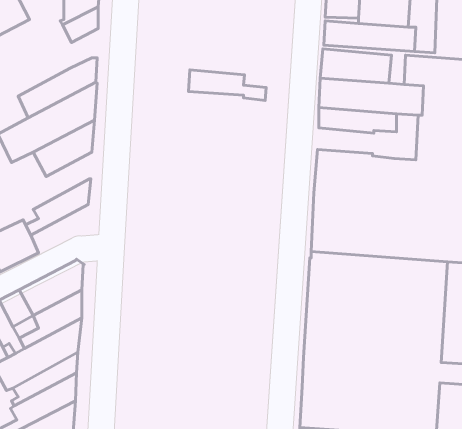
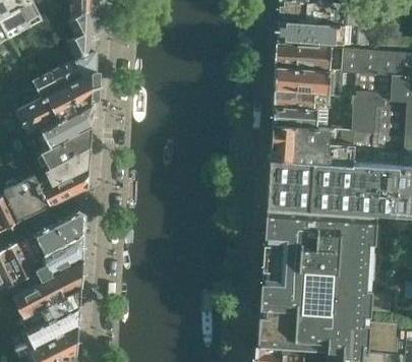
building: none -> [66,27,97,59]
building: [189,70,266,100] -> [272,107,334,131]
building: none -> [37,126,92,172]
building: none -> [43,168,89,209]

